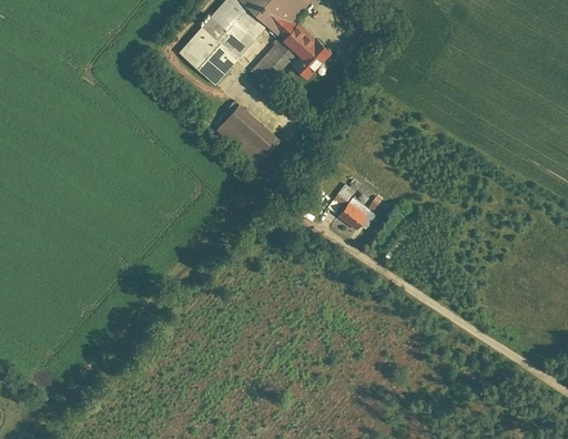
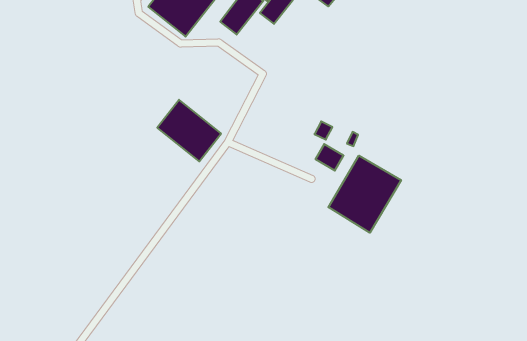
building: [215,103,280,167] -> [157,100,221,161]
building: none -> [328,156,401,233]

